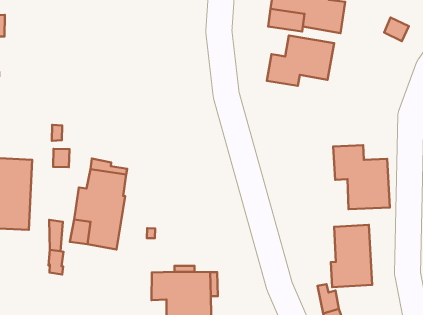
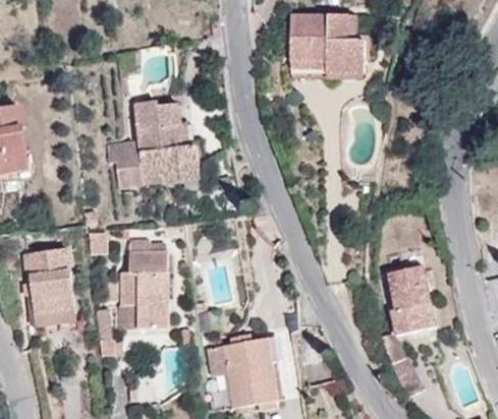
building: none -> [107,101,200,187]
building: [267,36,334,86] -> none
building: [333,145,390,209] -> none

